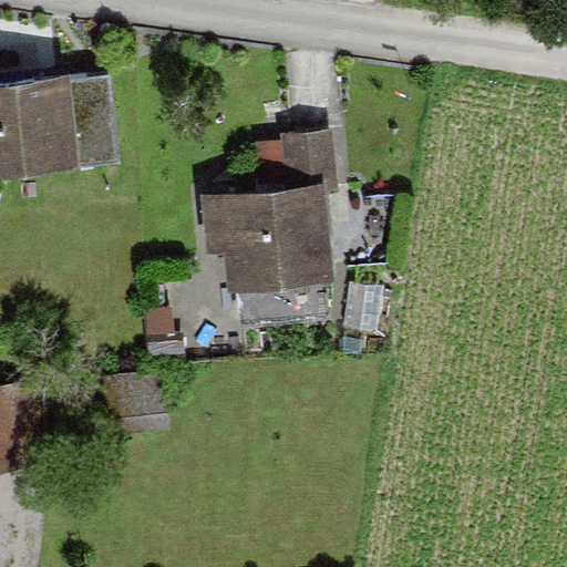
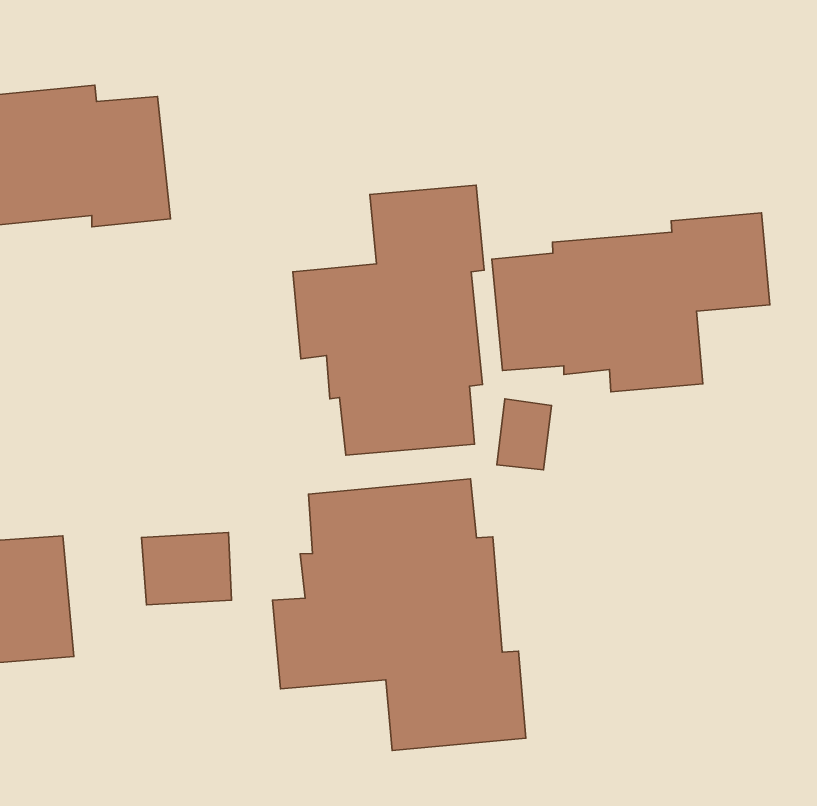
building: none -> [492,213,770,392]
building: none -> [273,479,526,750]

